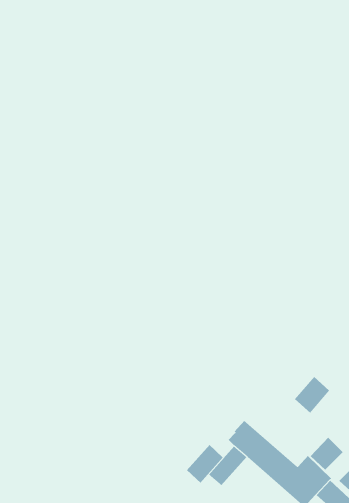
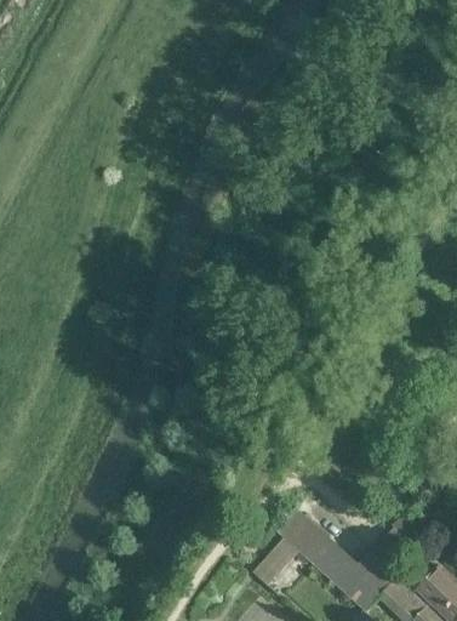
building: [294,376,330,413] -> none
building: [186,444,224,483] -> none

